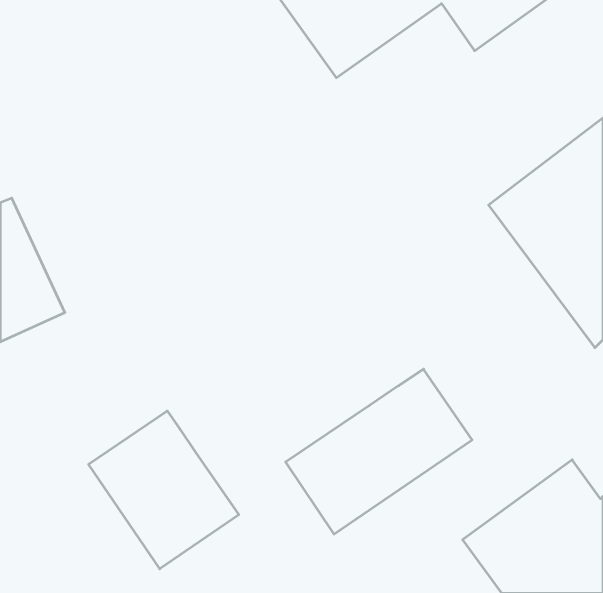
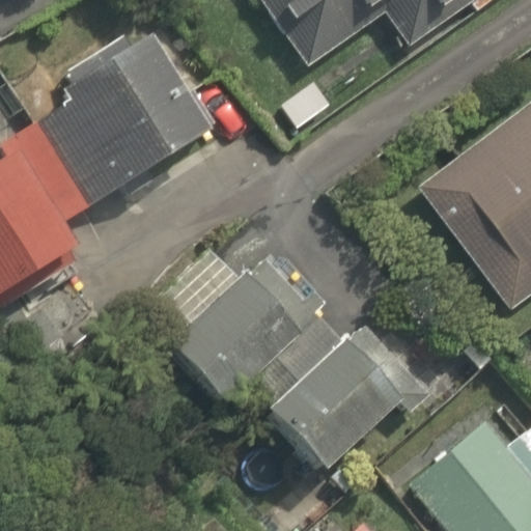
building: none -> [43,60,199,217]
building: none -> [177,255,351,418]
building: [89,411,239,569] -> none

